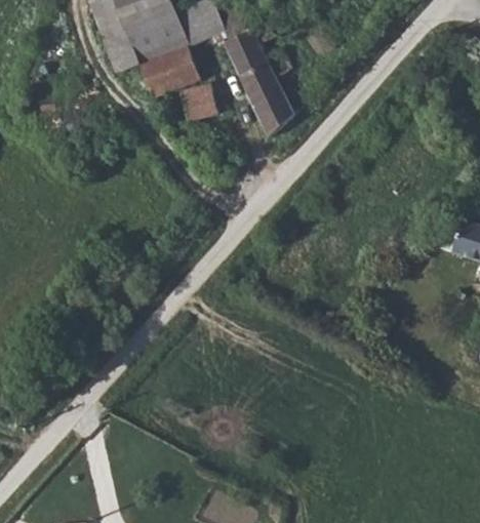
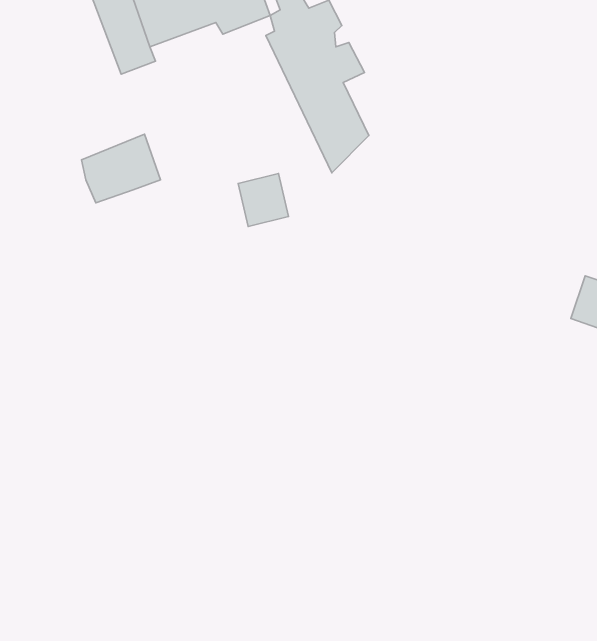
building: [143,44,199,93] -> [82,134,160,203]
building: [182,85,217,123] -> [238,174,288,227]

